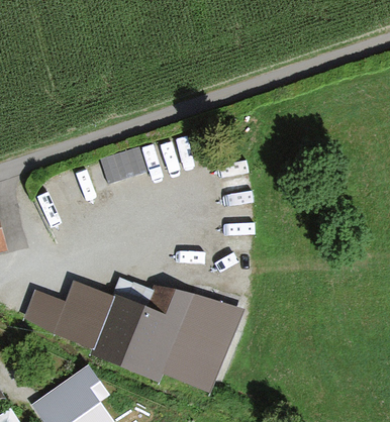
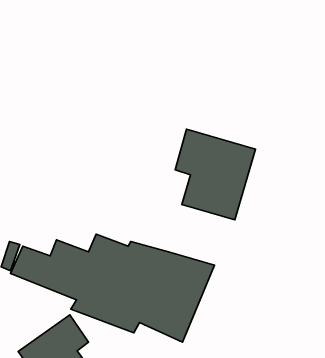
building: none -> [175,129,256,220]

